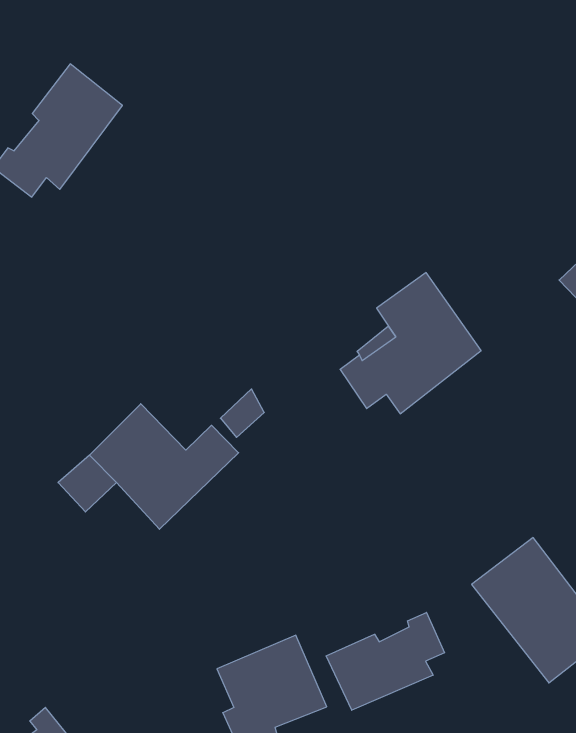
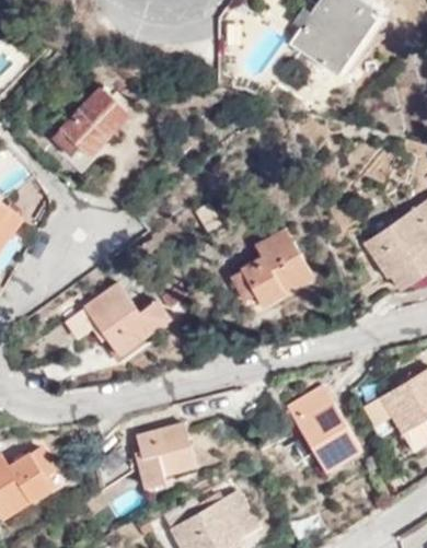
building: [326,612,444,710] -> none

